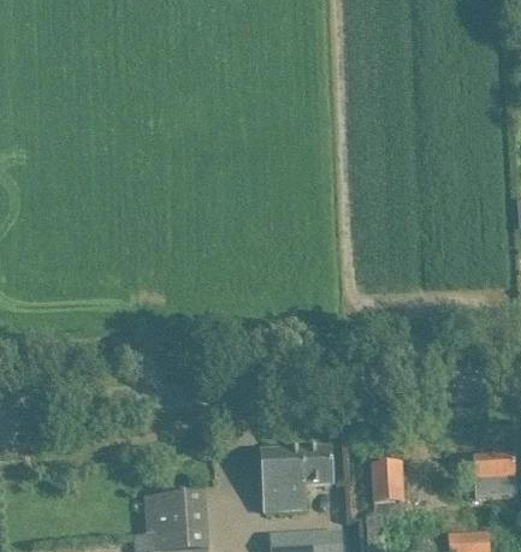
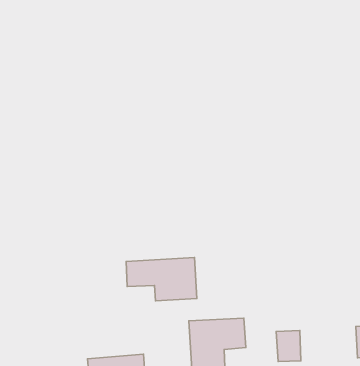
building: none -> [126,257,197,301]

